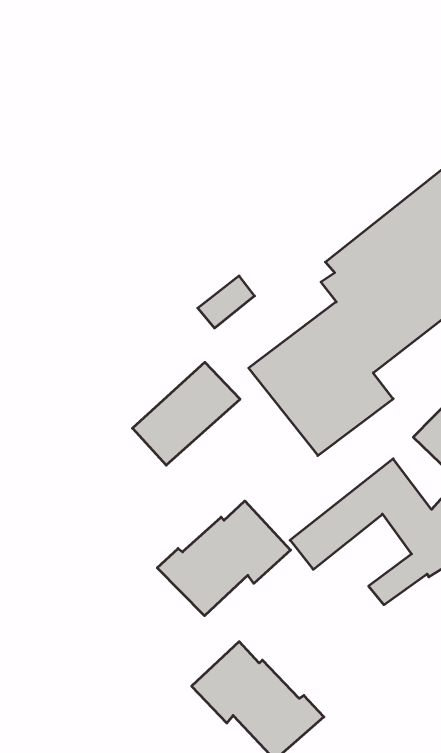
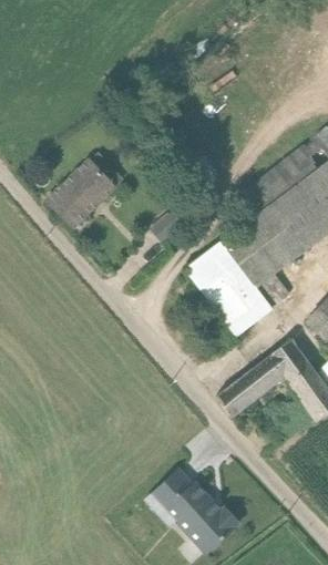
building: [132,362,240,465] -> [47,153,124,227]
building: [157,501,291,616] -> none

